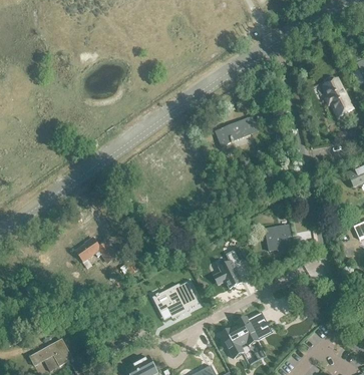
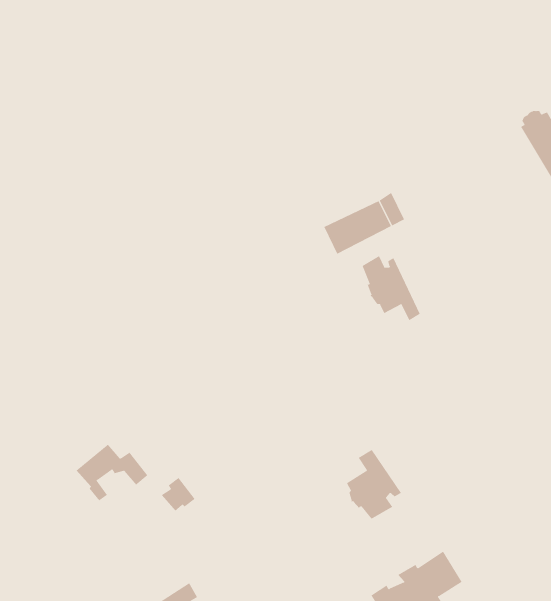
building: none -> [362,255,421,321]
building: [261,226,290,252] -> none
building: [152,283,197,318] -> none

